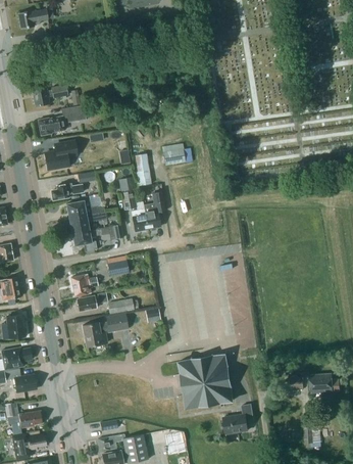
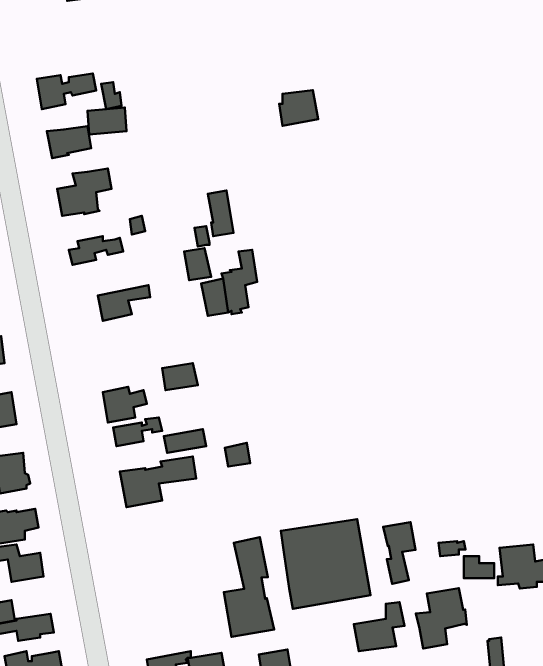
building: [162,144,186,166] -> [279,90,318,126]
building: [65,199,105,219] -> none
building: [71,224,123,252] -> none
building: none -> [383,522,415,584]
building: none -> [224,537,274,637]
building: none -> [416,588,467,649]

